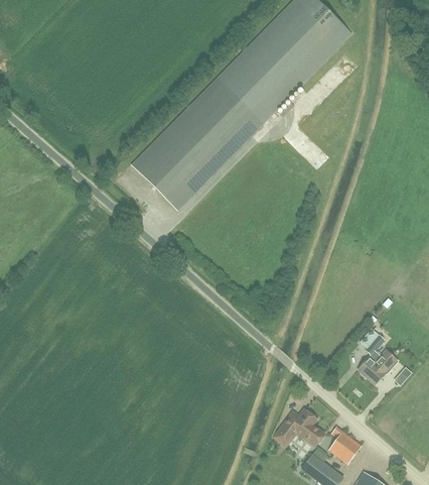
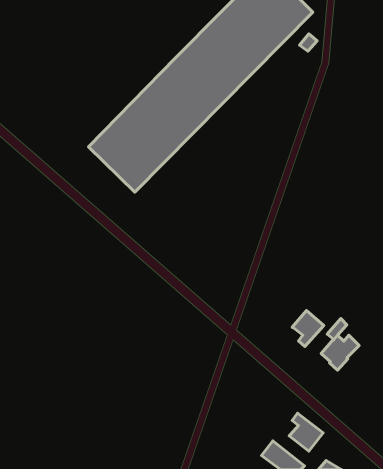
building: none -> [292,311,324,347]
building: [274,408,325,446] -> none

